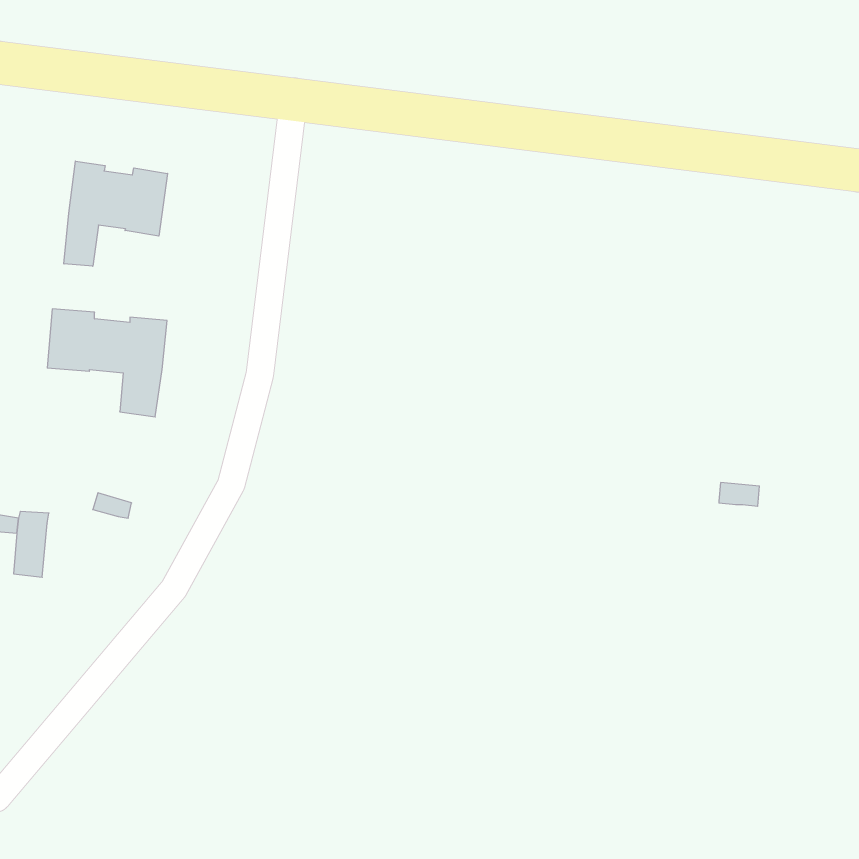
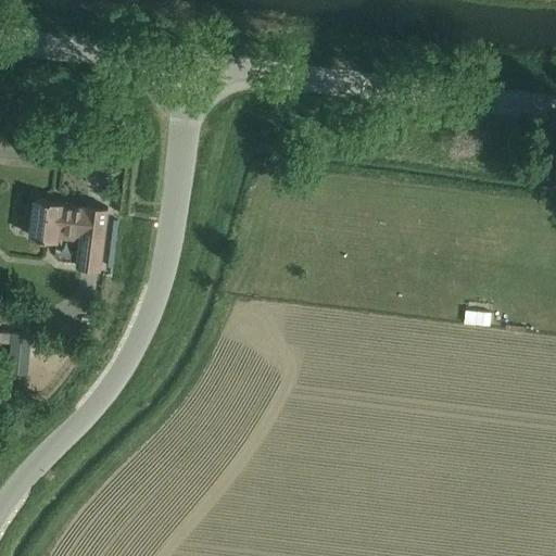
building: [64,161,168,266] -> none

